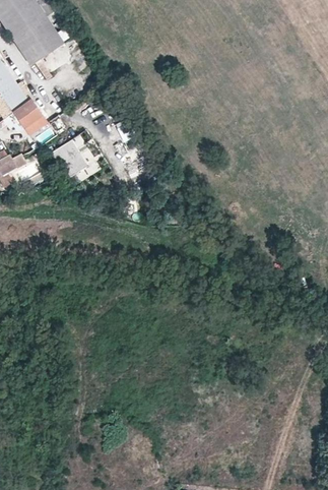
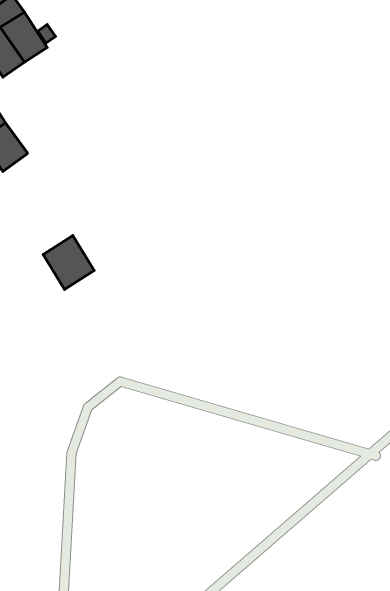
building: [49,138,87,179] -> [43,236,94,290]

